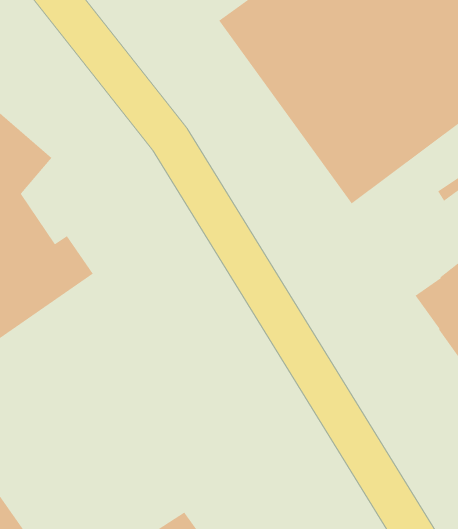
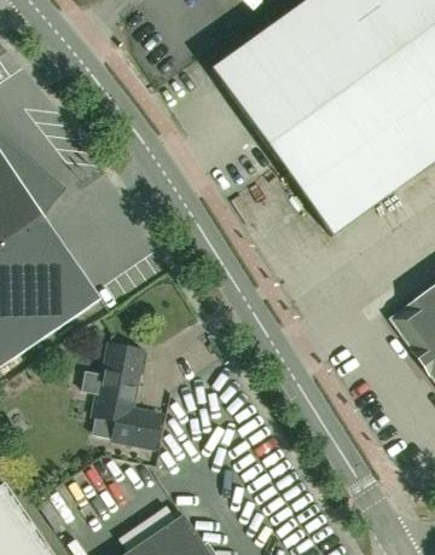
building: none -> [81,345,161,447]

